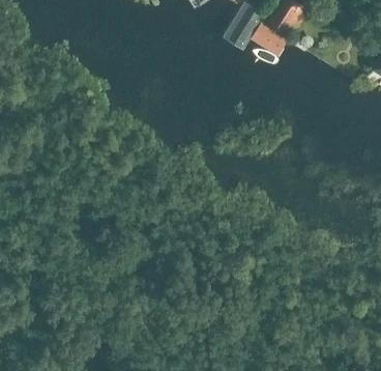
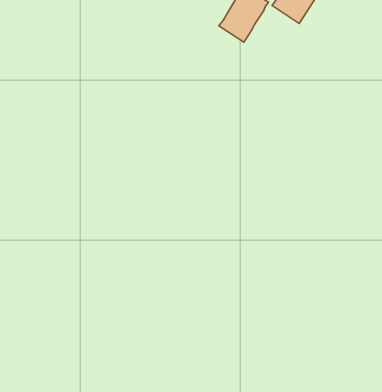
building: [250,23,287,55] -> none

